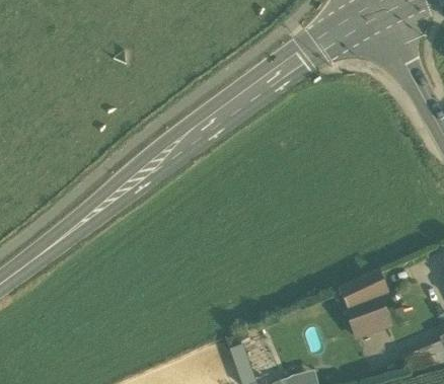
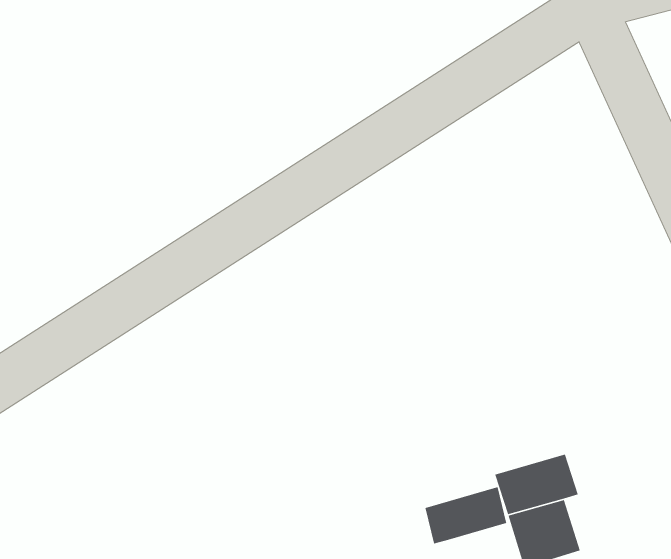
building: none -> [425,486,507,545]

